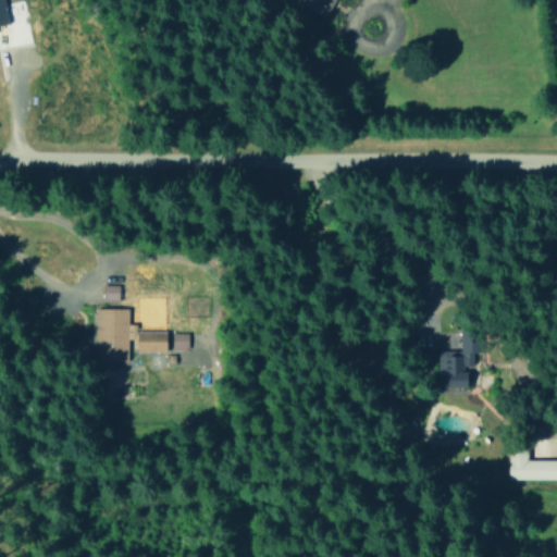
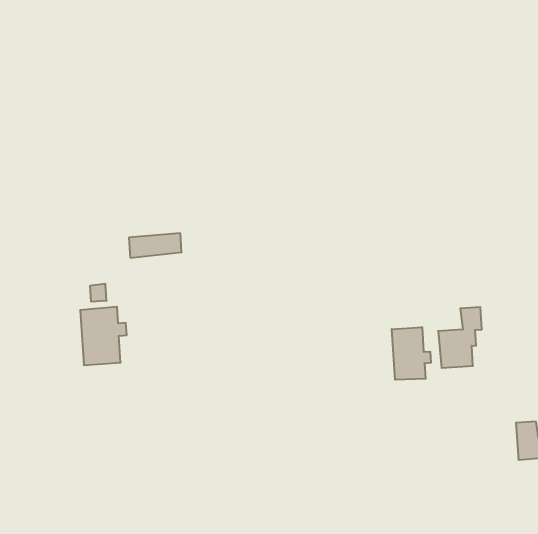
building: [139,332,189,352] -> [129,233,182,258]
building: none -> [392,327,431,380]

